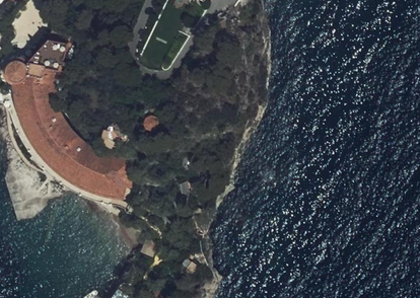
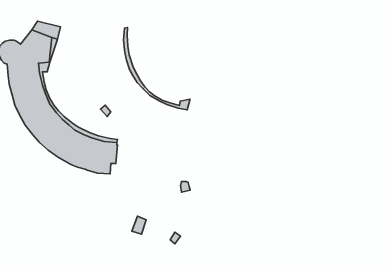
building: none -> [123,28,190,110]

